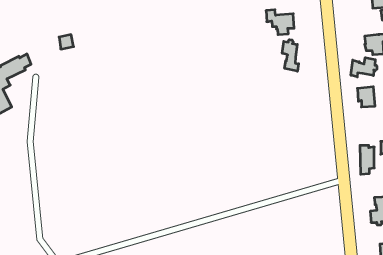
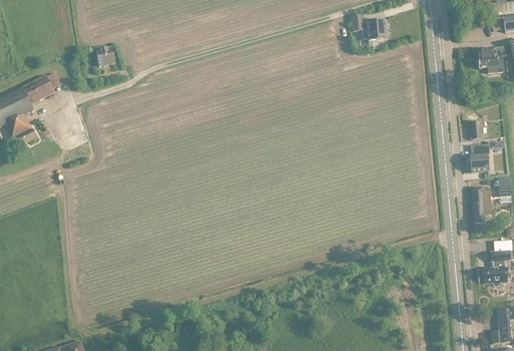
building: [282,40,299,71] -> none
building: [351,58,377,77] -> none
building: none -> [469,143,489,170]

